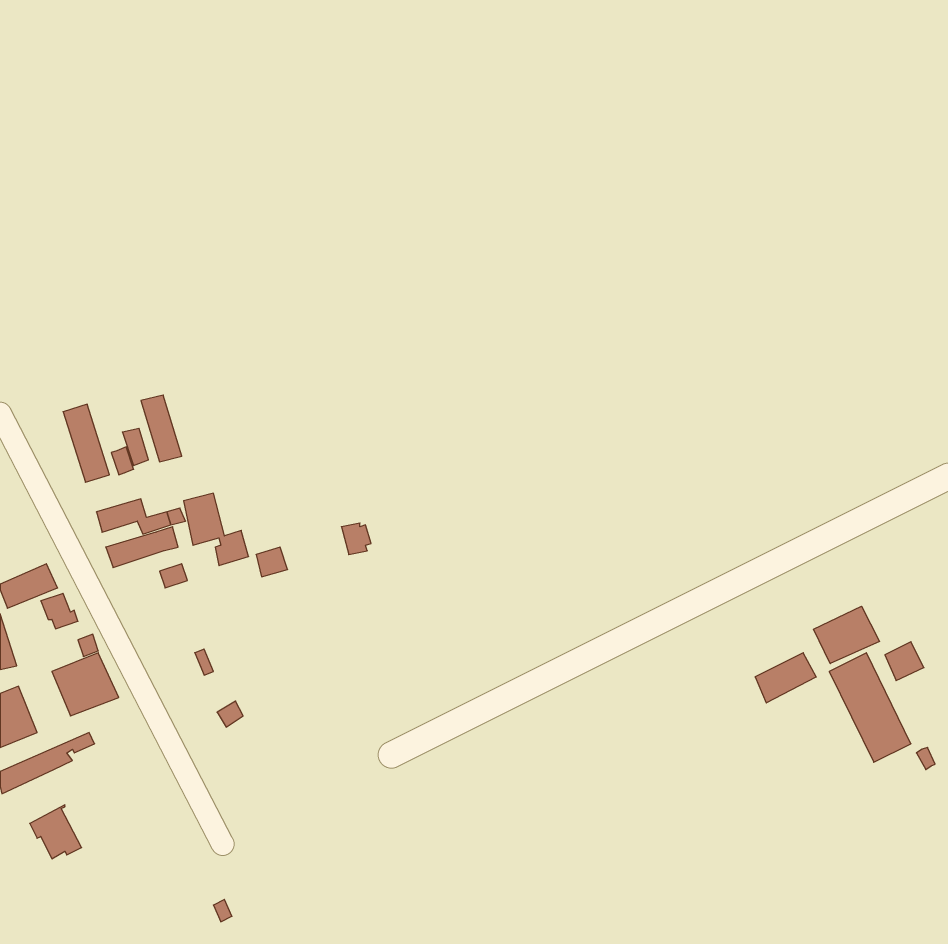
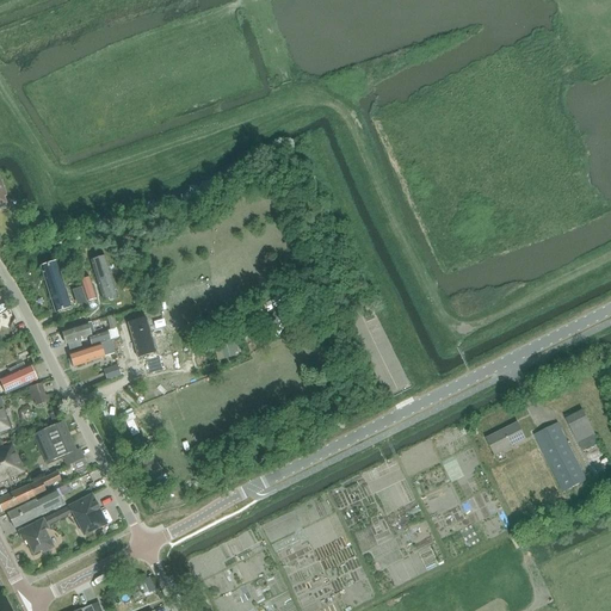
building: [813,606,880,664] -> none
building: none -> [7,488,62,526]
building: none -> [68,494,106,535]

